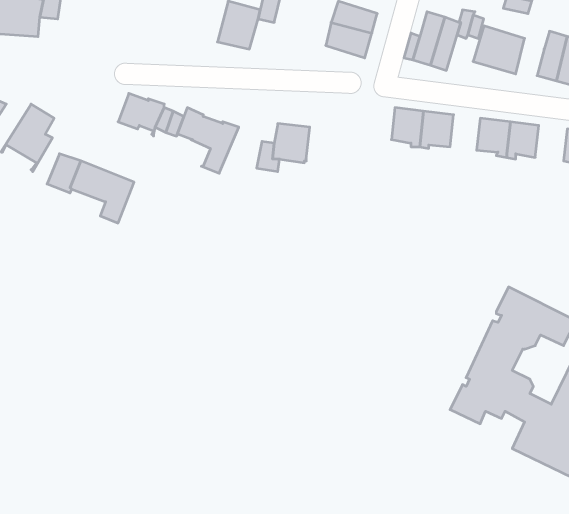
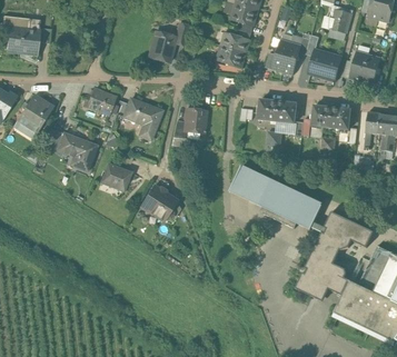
building: none -> [101,162,130,190]
building: none -> [229,166,327,232]
building: none -> [141,186,177,220]

